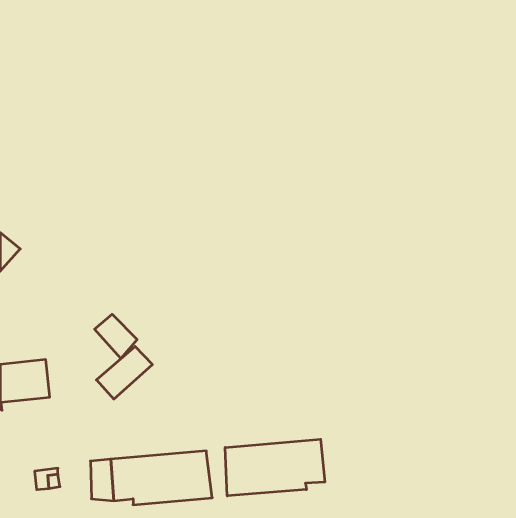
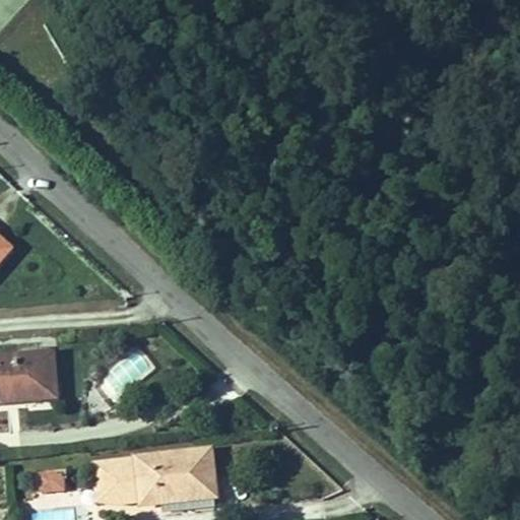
building: [95,314,137,359] -> none
building: [225,439,325,496] -> none

